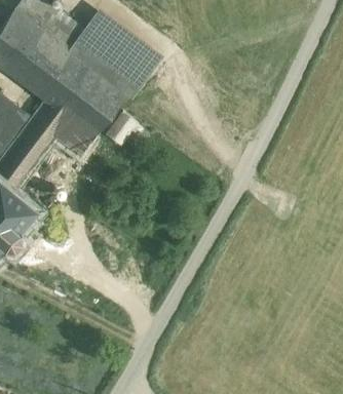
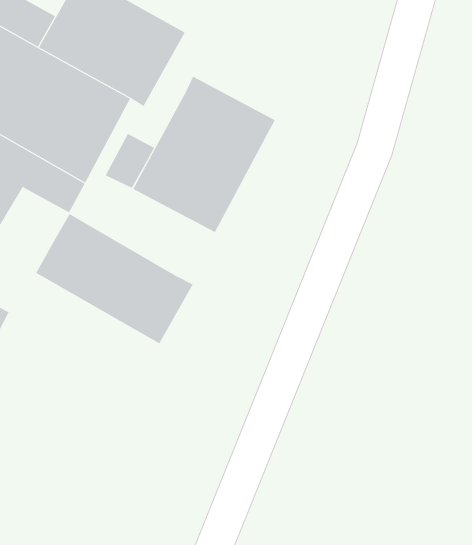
building: none -> [133,76,275,233]
building: none -> [35,213,193,344]

